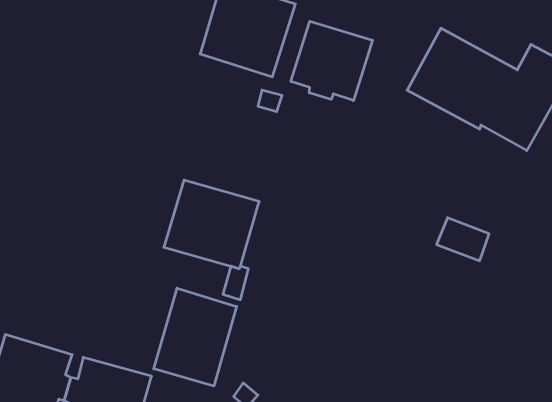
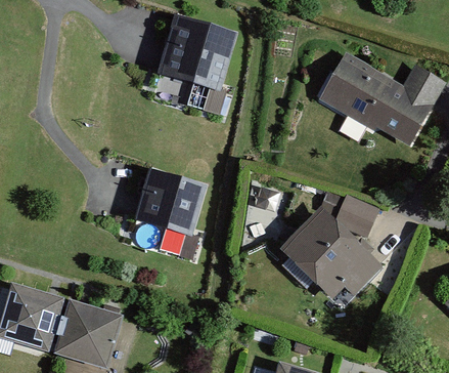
building: [291,21,372,101] -> none
building: none -> [281,209,383,297]
building: [154,288,237,386] -> none

